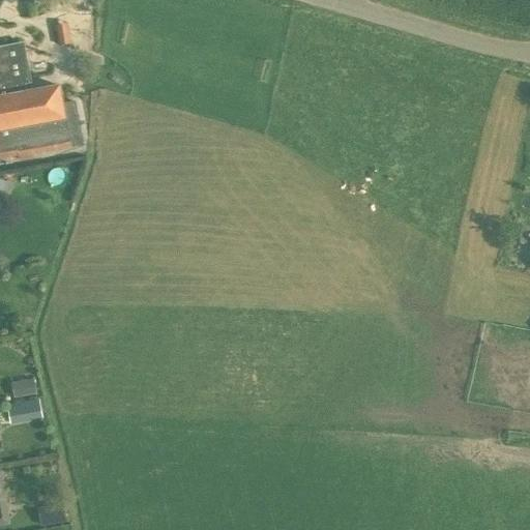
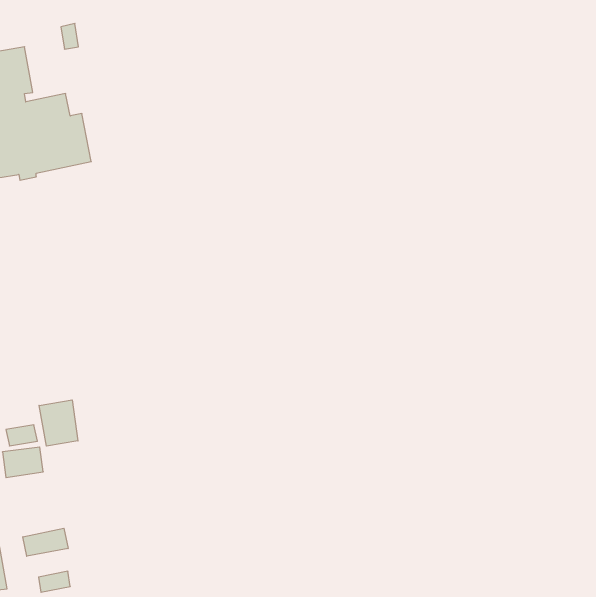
building: none -> [39,400,78,446]
building: none -> [23,528,68,556]

